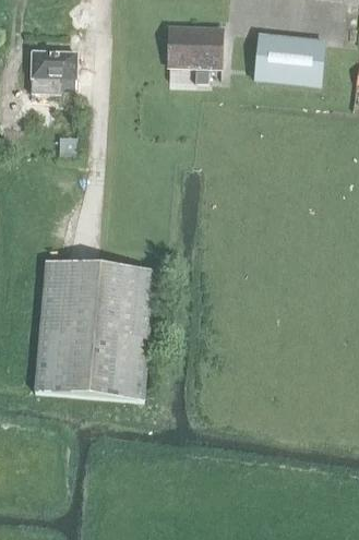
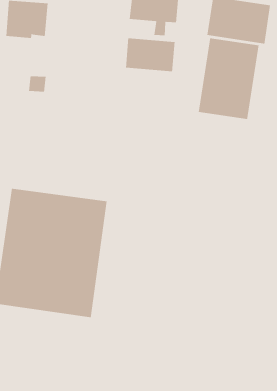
building: none -> [198,37,259,120]
building: none -> [125,38,175,72]

